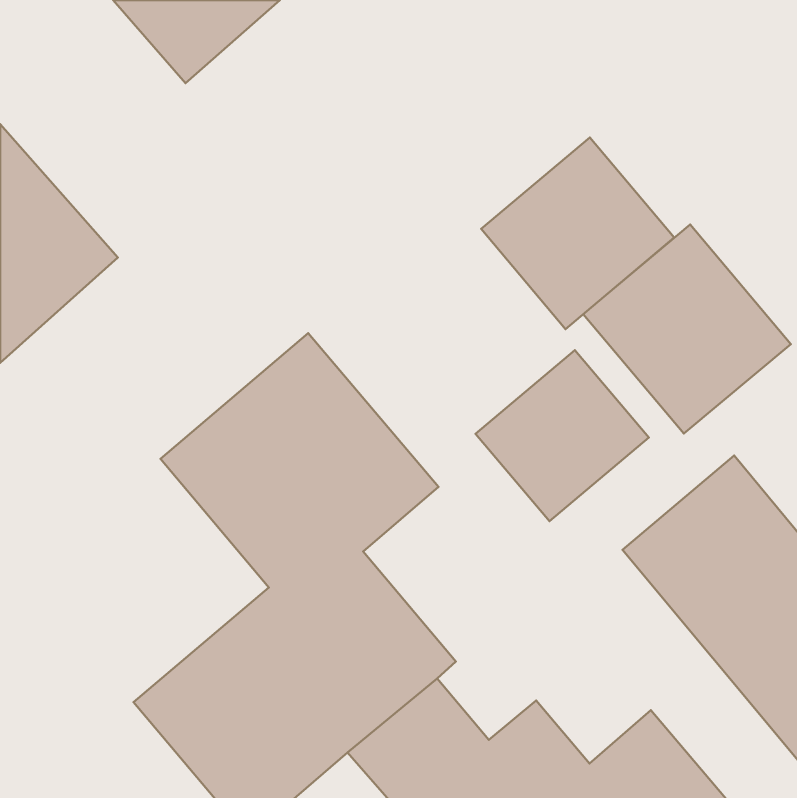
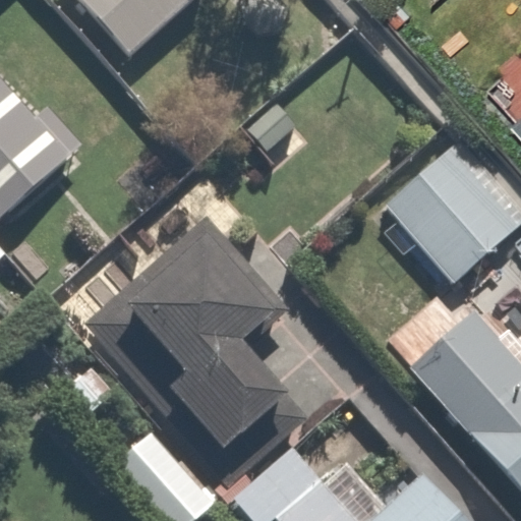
building: [481,137,674,329] -> none
building: [475,350,649,521] -> none

